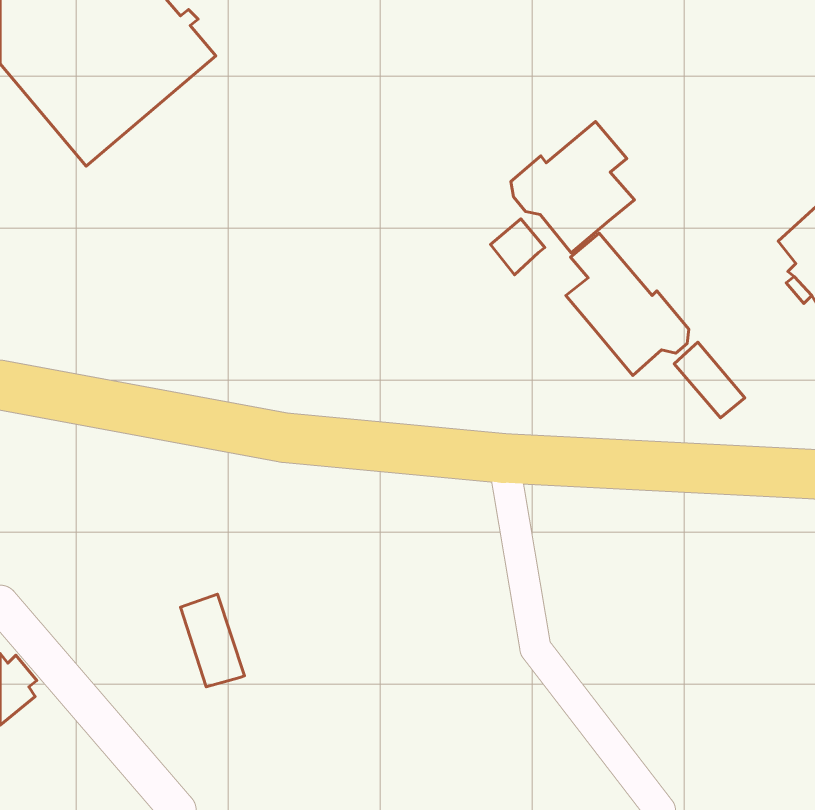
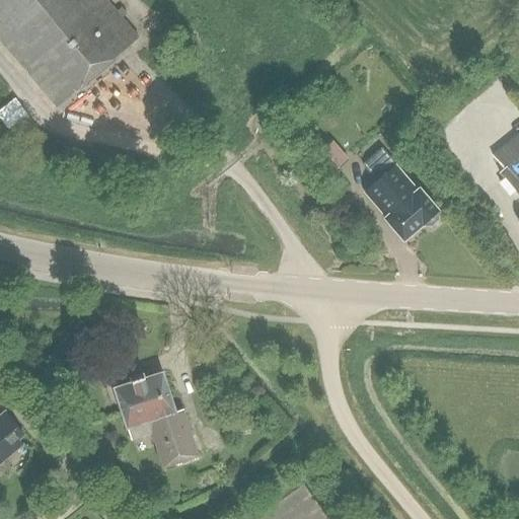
building: [511,122,634,253] -> none
building: [674,342,745,418] -> none
building: none -> [139,369,199,464]

